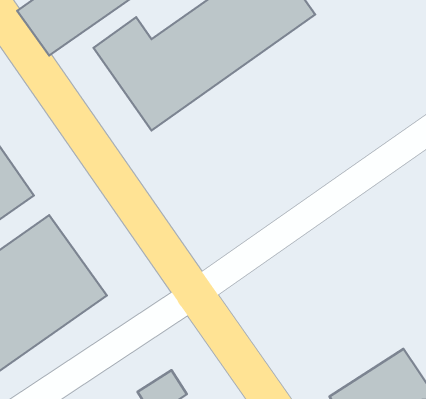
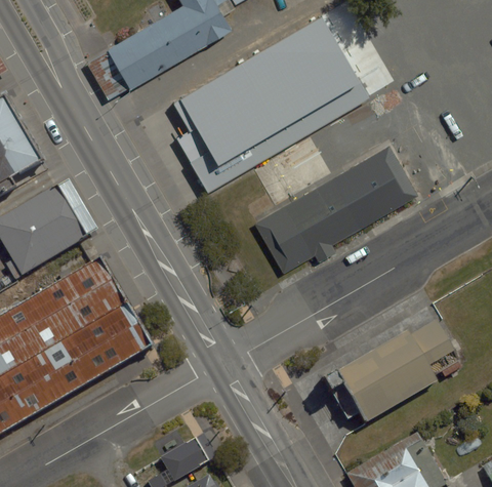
building: none -> [251,148,412,276]
building: none -> [332,316,454,422]

